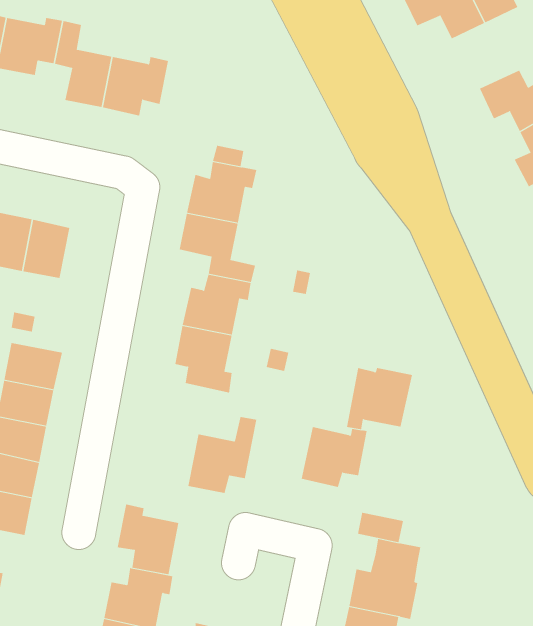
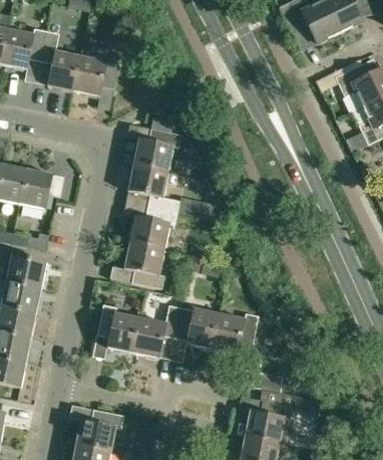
building: [346,368,413,430] -> [173,306,220,350]
building: [117,504,179,575] -> [97,303,140,353]

